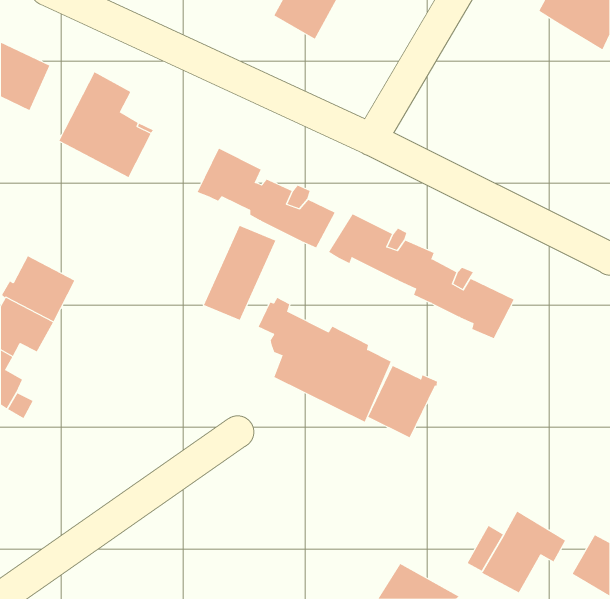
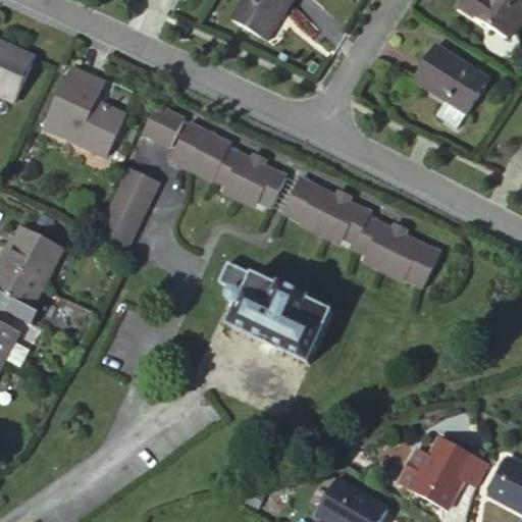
building: none -> [417,49,494,133]
building: none -> [139,109,180,152]
building: [203,225,276,321] -> [98,159,160,241]
building: [368,365,438,438] -> none

